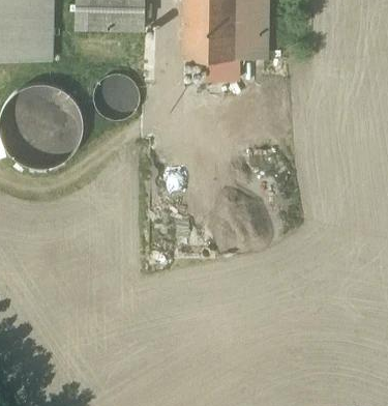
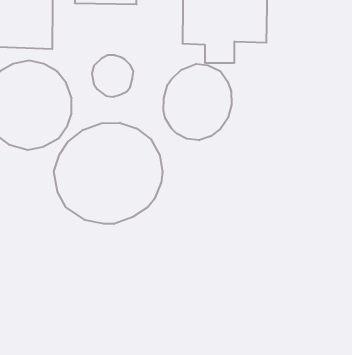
building: none -> [163,64,231,140]
building: none -> [54,123,162,224]

